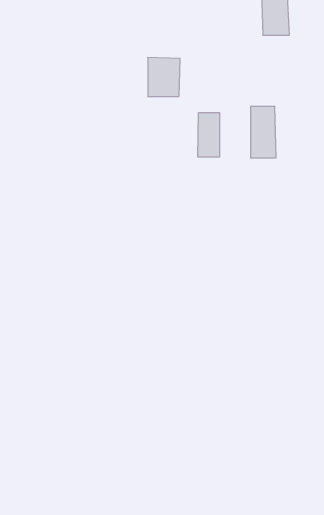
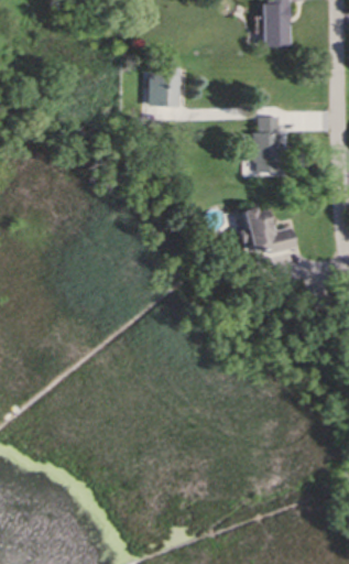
building: [198,113,219,157] -> none
building: none -> [246,206,303,256]

